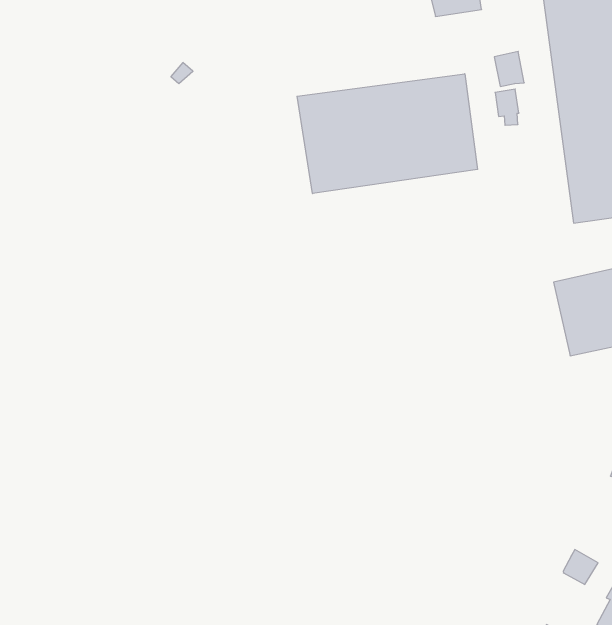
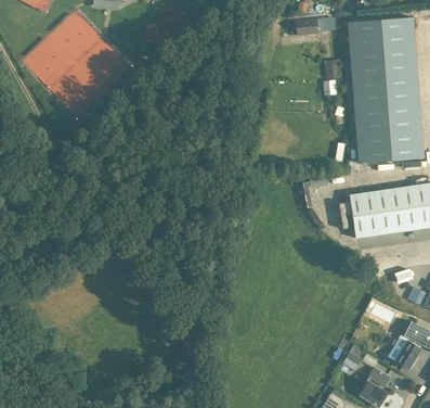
building: [297,74,478,194] -> none

